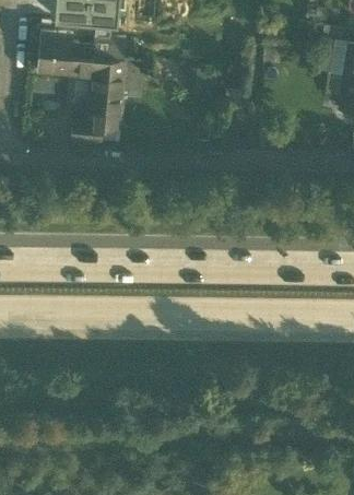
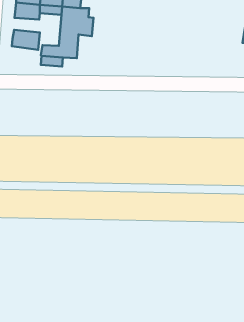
building: none -> [12,30,40,50]

